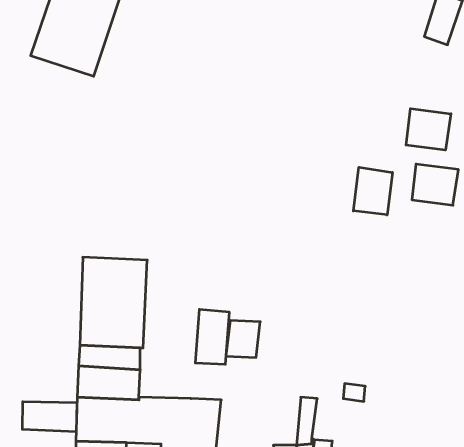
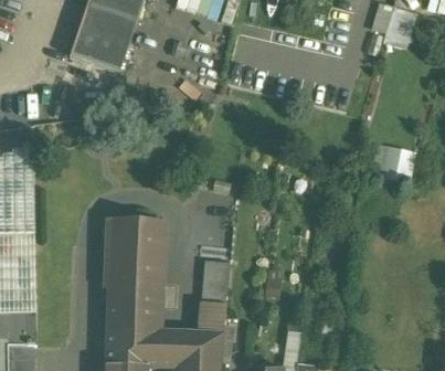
building: [406,109,451,150] -> none
building: [353,167,392,215] -> none
building: [226,320,260,357] -> [198,303,225,332]
building: [22,402,77,432] -> none

